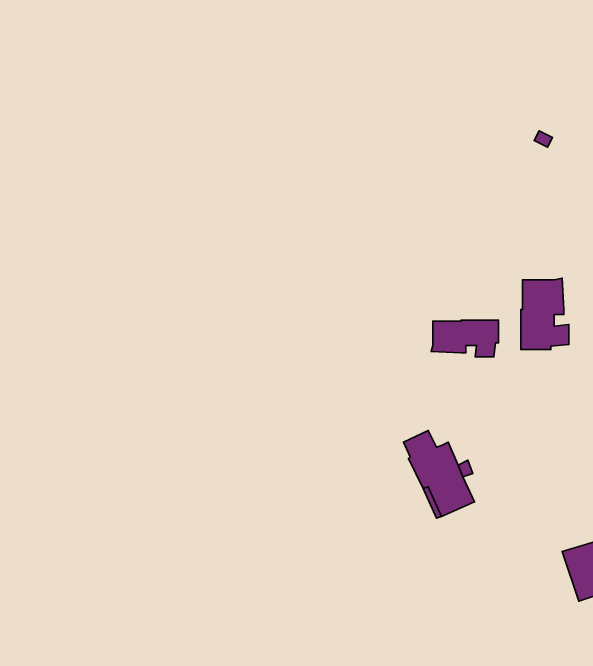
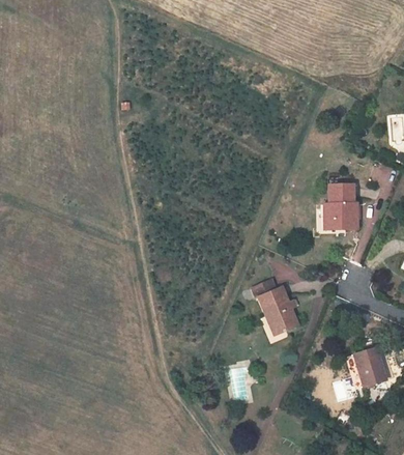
building: [431,320,499,357] -> none

